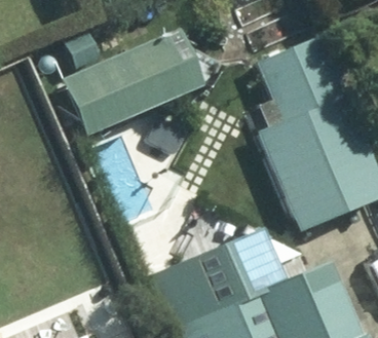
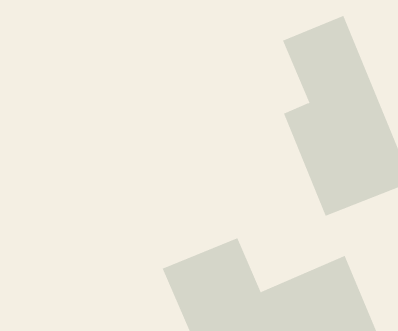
building: [66,32,200,134] -> none

